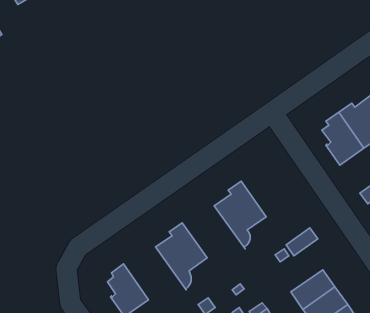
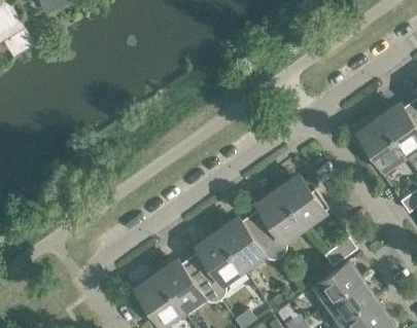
building: none -> [277,179,327,226]
building: none -> [216,215,281,268]
building: none -> [155,257,220,312]
building: none -> [315,261,361,303]

